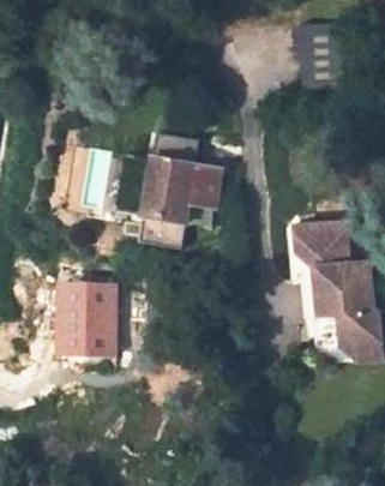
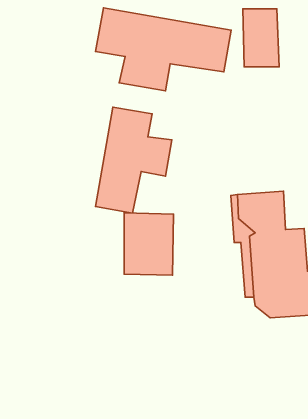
building: none -> [95,8,231,91]
building: [60,284,114,353] -> [124,213,173,275]

